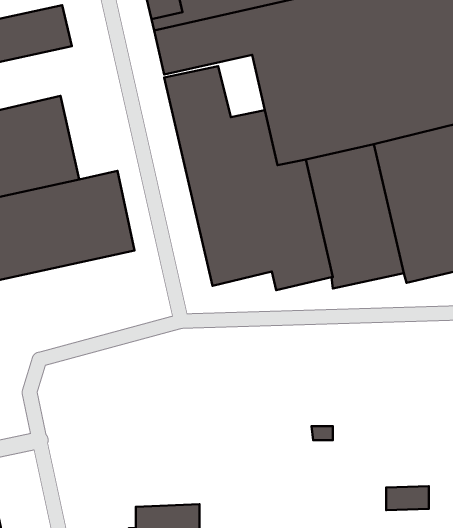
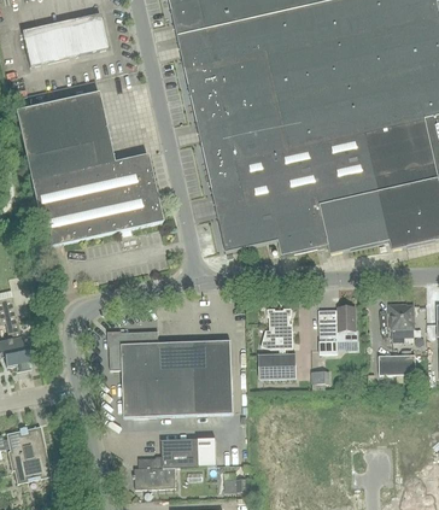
building: none -> [186,54,271,107]
building: none -> [387,303,412,340]
building: none -> [318,305,357,352]
building: none -> [258,306,295,377]
building: none -> [109,329,233,416]
building: [386,486,429,510] -> [379,353,415,374]

